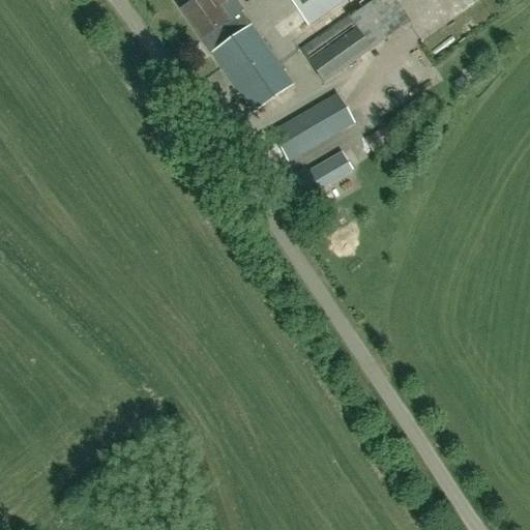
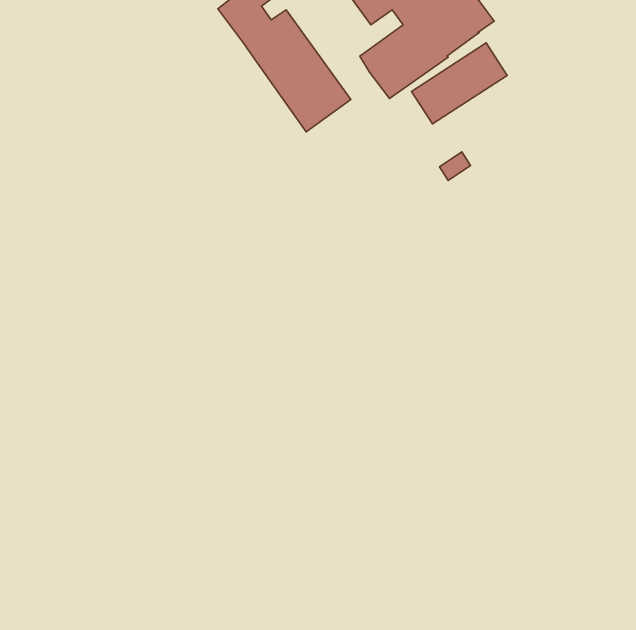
building: [273,92,353,159] -> [411,43,507,124]
building: [297,148,352,193] -> none

